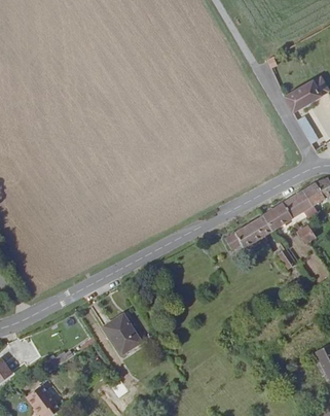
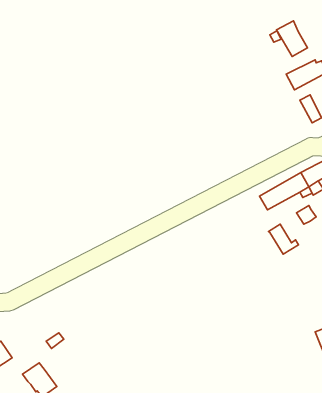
building: none -> [276,21,308,57]
building: [220,216,267,253] -> none
building: [103,315,141,356] -> none

